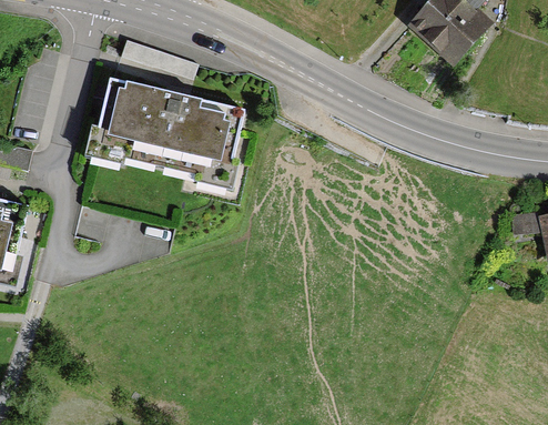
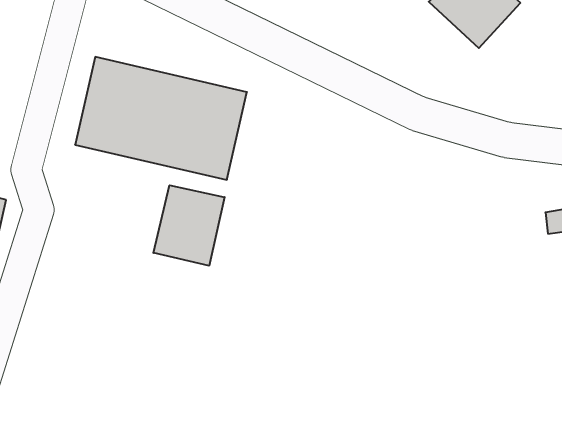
building: none -> [153,185,225,266]

